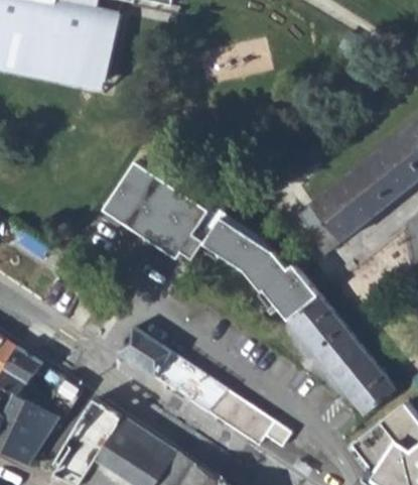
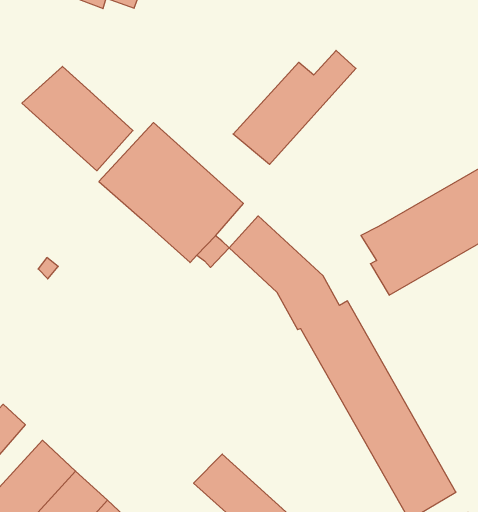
building: none -> [233,50,356,164]
building: none -> [22,66,133,171]
building: [116,328,225,413] -> none

